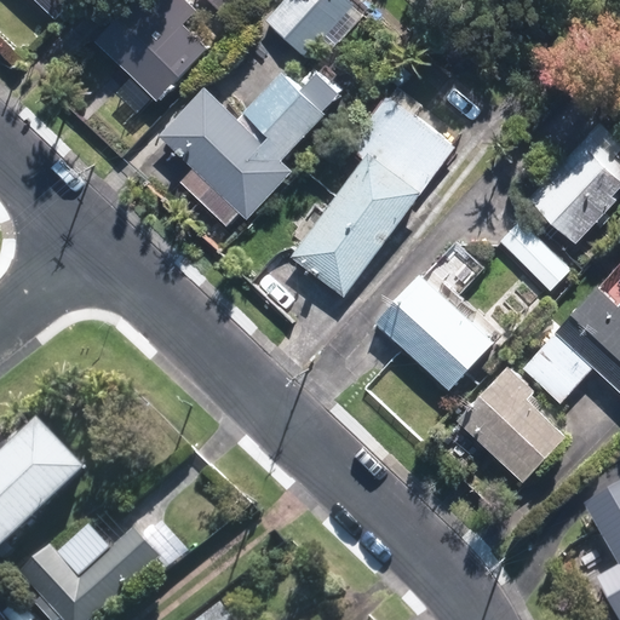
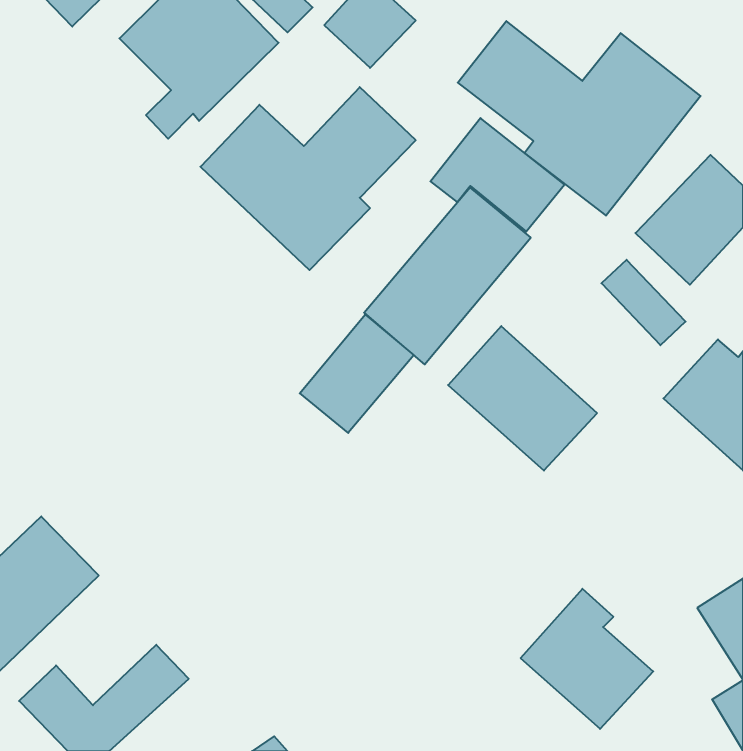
building: none -> [458,21,701,216]
building: none -> [300,314,414,433]
building: [515,328,582,396] -> none
building: [448,358,557,473] -> [521,589,653,729]

